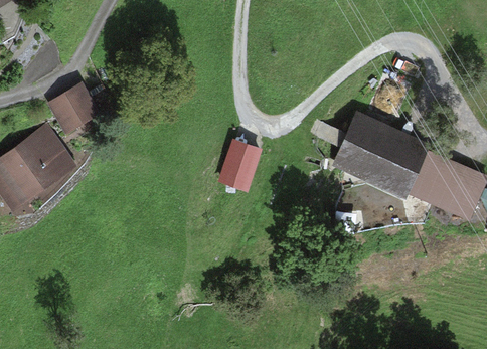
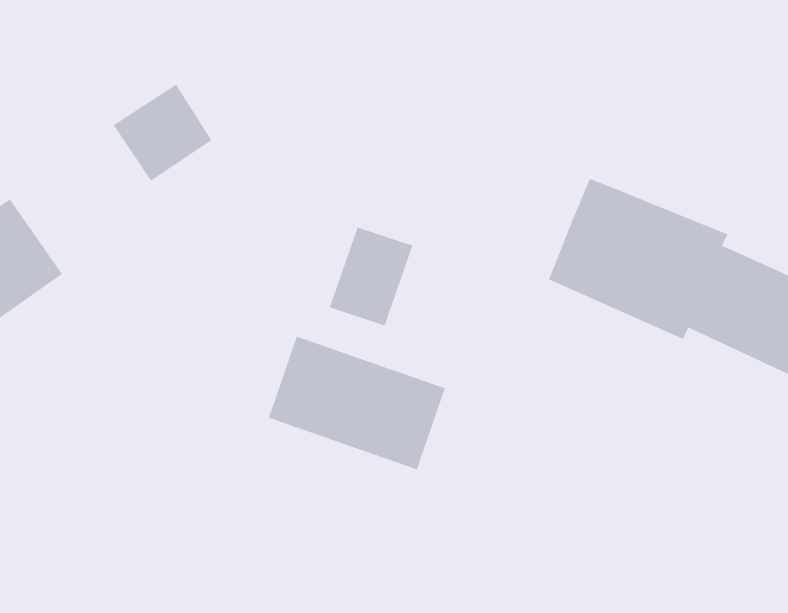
building: [47,81,101,134] -> [113,84,212,182]
building: none -> [268,336,445,470]

